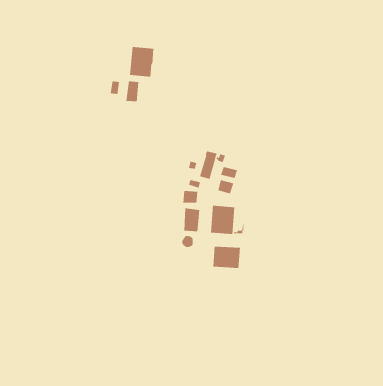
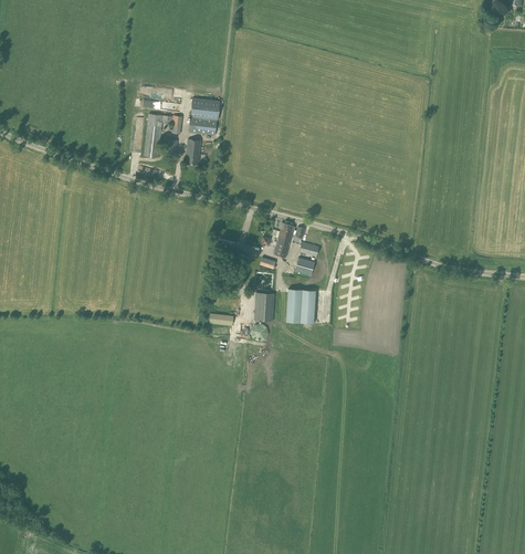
building: none -> [144,114,182,157]
building: [213,246,240,269] -> none

